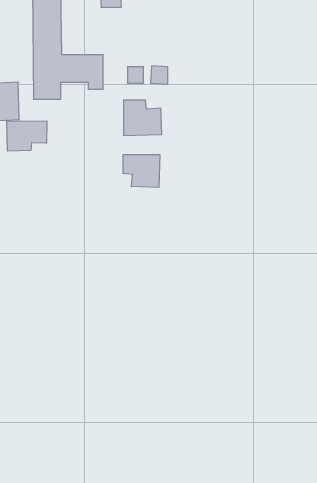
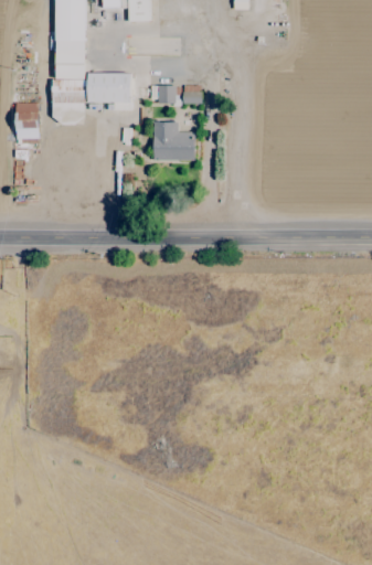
building: [7,121,47,151] -> none
building: [123,155,160,187] -> none

